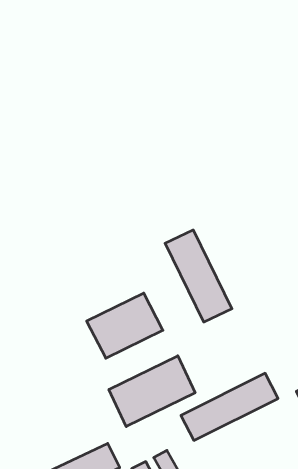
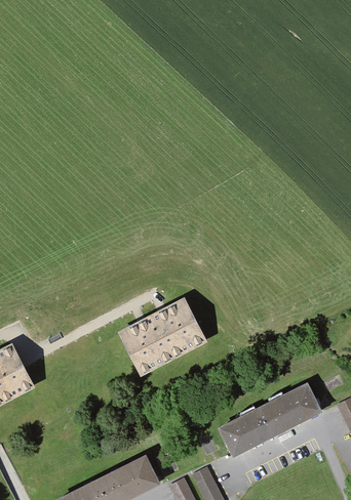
building: [165,230,232,322] -> none
building: [109,356,195,427] -> none

